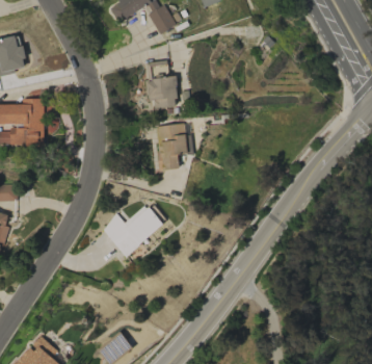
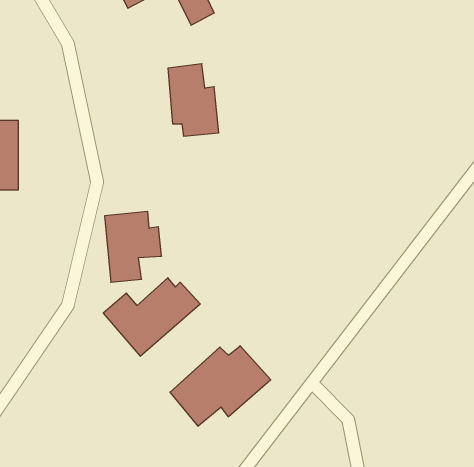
building: [155,123,193,171] -> [105,211,162,282]
building: none -> [170,346,271,426]

